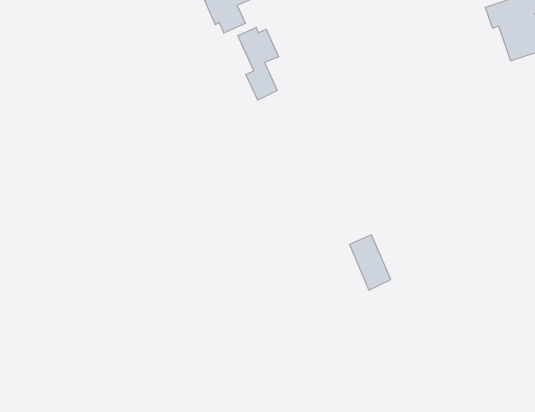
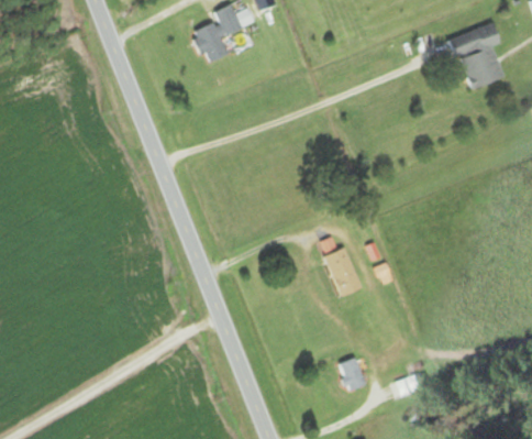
building: [238,27,279,100] -> none
building: none -> [339,358,366,392]

